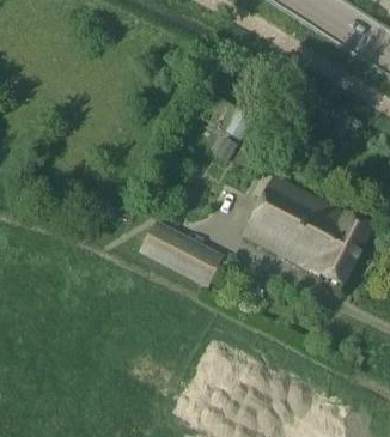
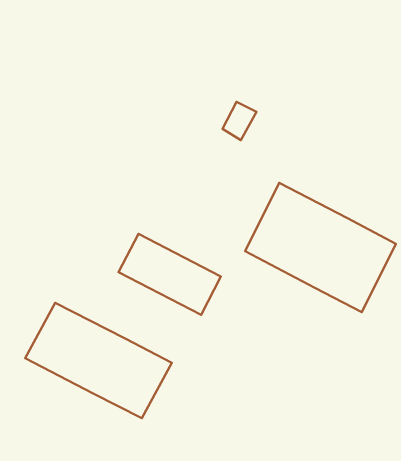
building: none -> [25,303,172,418]

